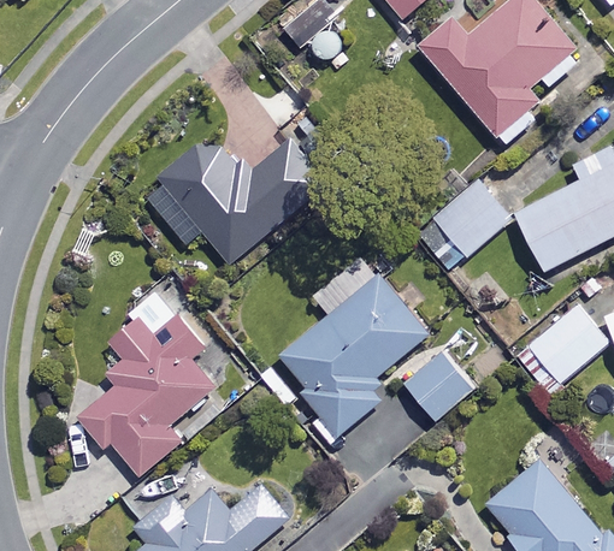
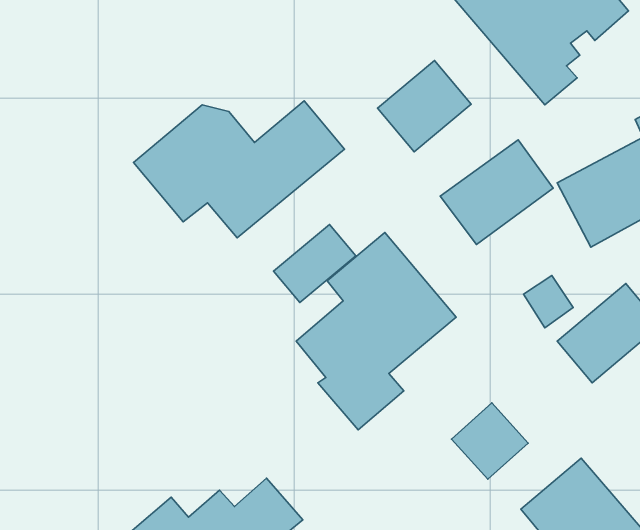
building: none -> [377,60,471,152]
building: none -> [274,225,356,302]
building: [79,291,214,475] -> none
building: [405,351,473,420] -> [452,403,528,479]

